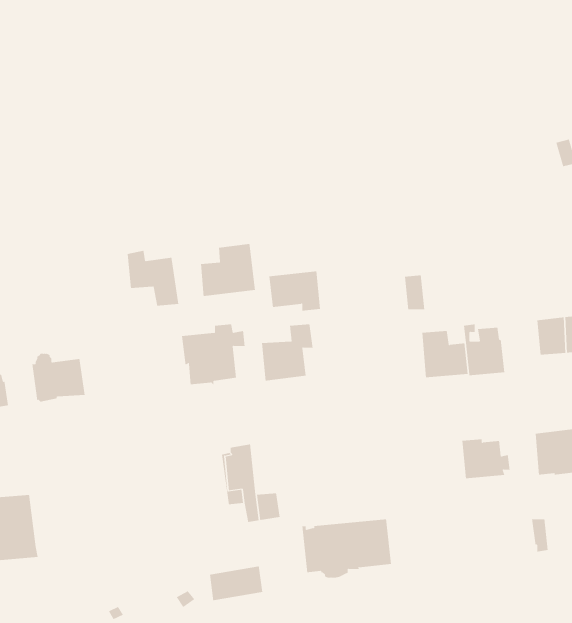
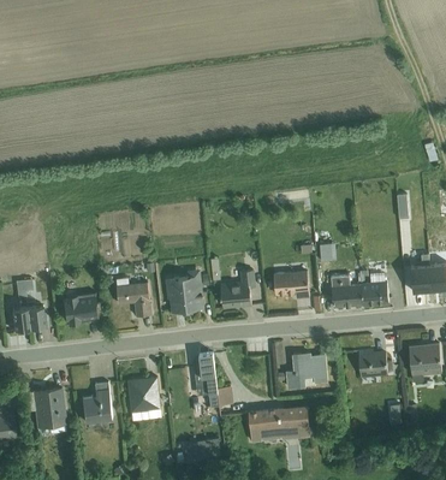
building: [200,243,256,297] -> none
building: [127,250,179,306] -> [115,277,151,315]
building: [269,271,321,311] -> [273,269,309,297]
building: none -> [286,351,327,387]
building: none -> [127,377,160,420]
building: none -> [81,381,112,421]

